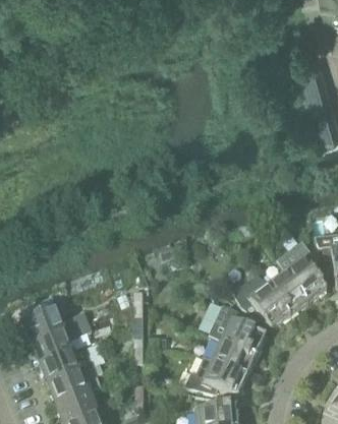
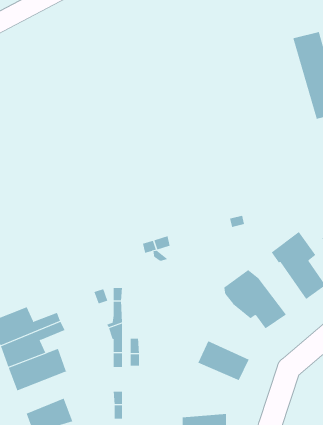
building: [266,269,307,316] -> none
building: [208,305,266,357] -> none
building: [183,357,247,398] -> none
building: [47,365,102,406] -> none

